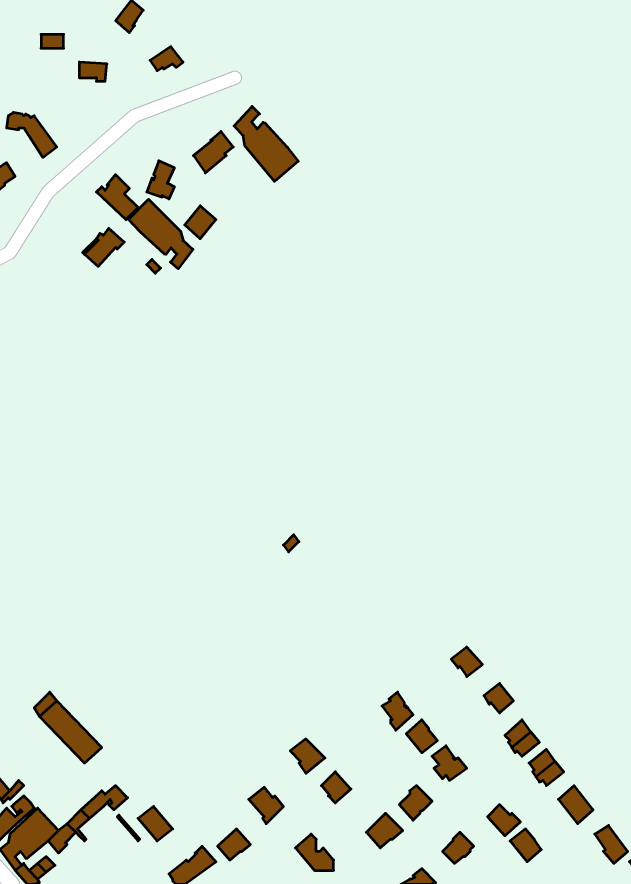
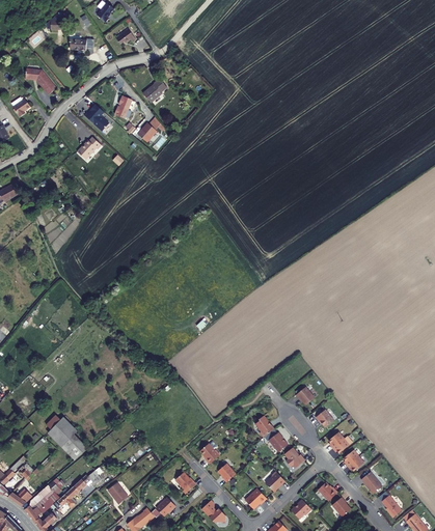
building: [234,106,298,181] -> none
building: [129,199,193,269] -> none

